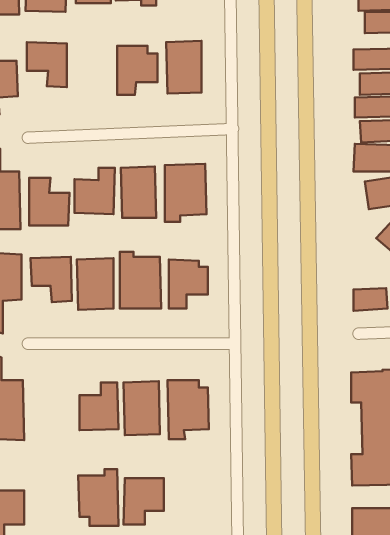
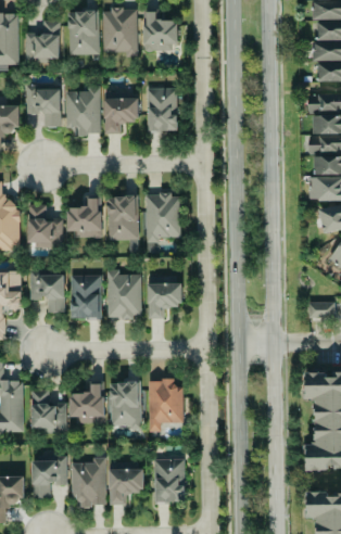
building: none -> [64,90,99,136]
building: none -> [30,391,65,433]
building: none -> [31,456,66,499]
building: none -> [154,460,184,504]

